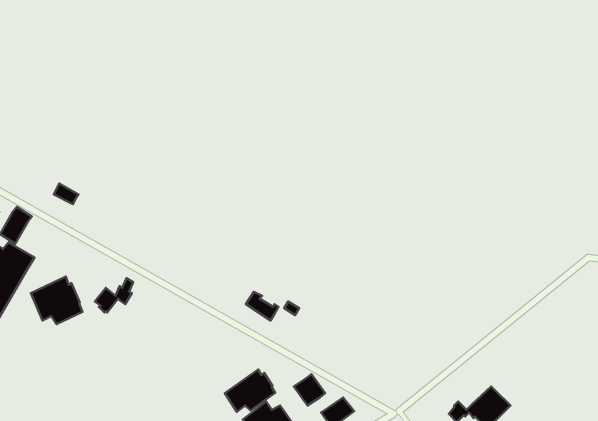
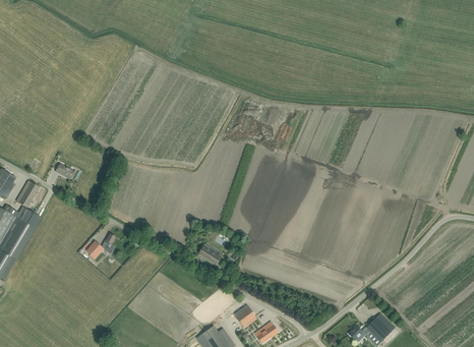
building: [31,276,83,324] -> none
building: [225,369,275,412] -> none

